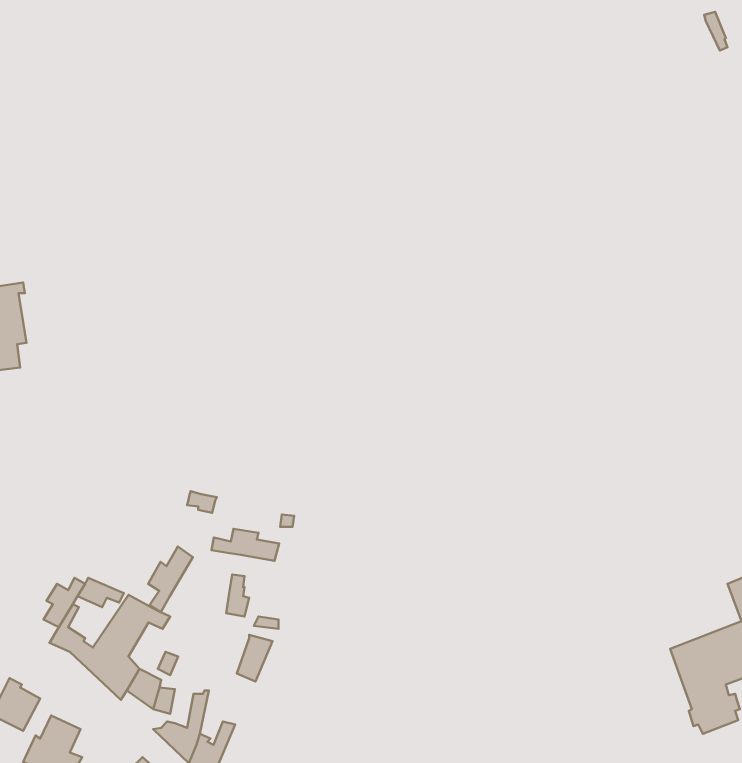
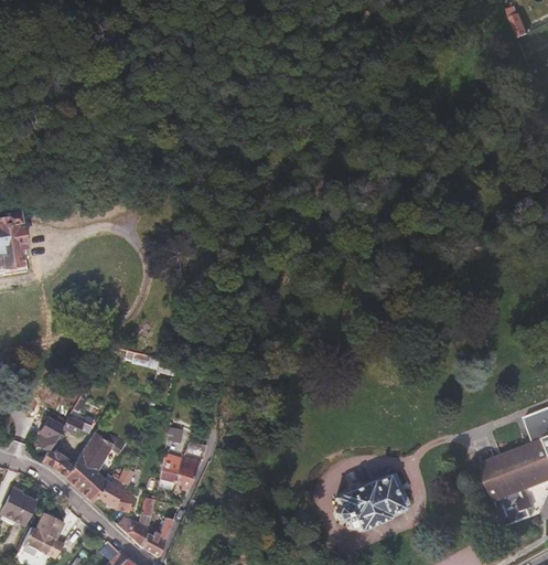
building: [211,529,279,561] -> none
building: [148,547,193,612] -> none
building: none -> [158,451,184,489]
building: none -> [337,470,410,527]

